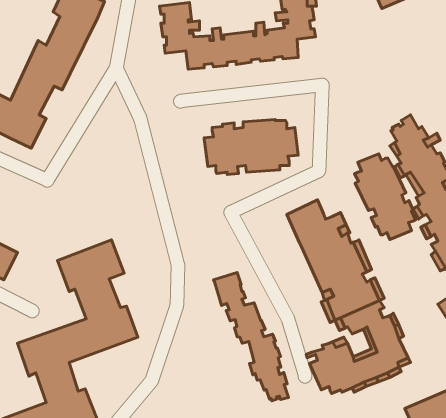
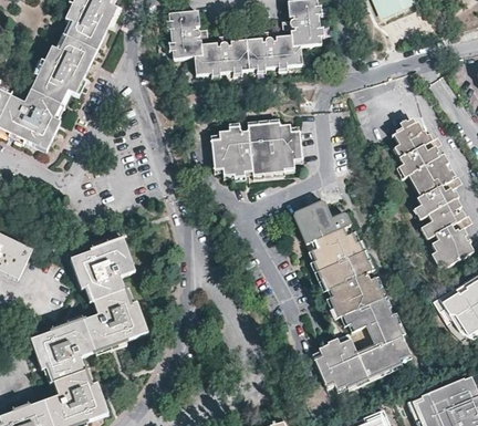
building: [355,154,415,239] -> none
building: [214,273,288,401] -> none

